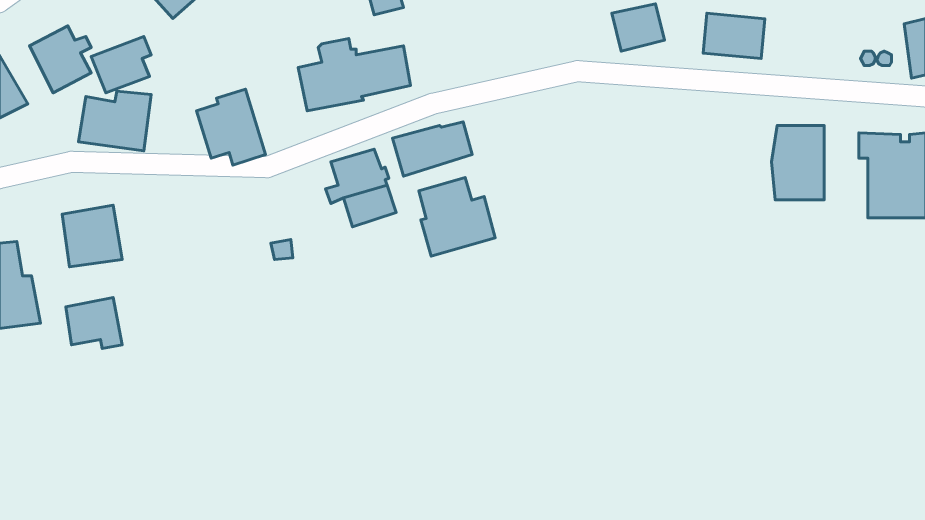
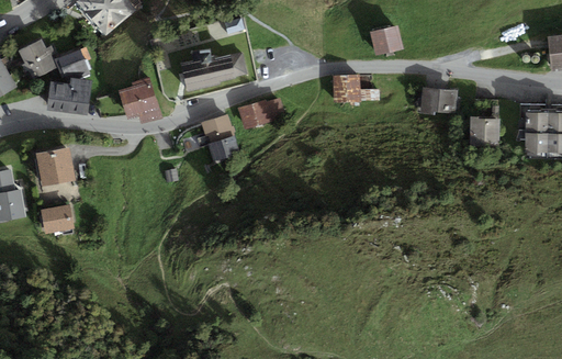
building: [703,13,765,59] -> [422,87,459,114]
building: none -> [333,74,380,104]
building: [419,178,495,256] -> none

